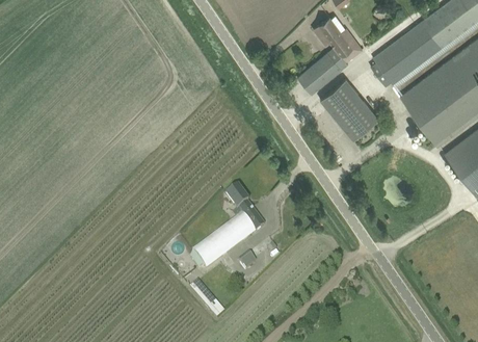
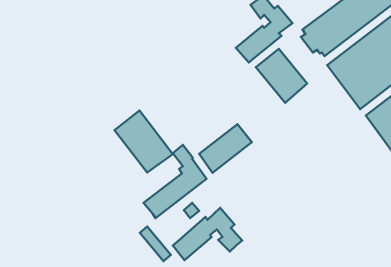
building: none -> [114,110,173,173]
building: none -> [199,124,252,173]
building: none -> [173,208,242,260]

